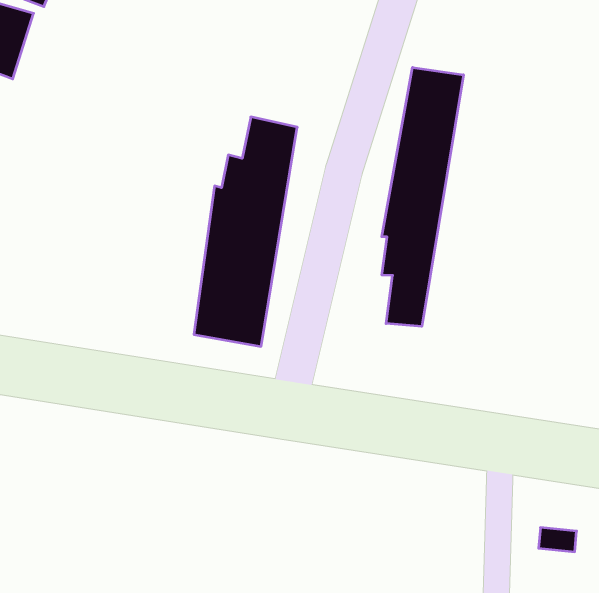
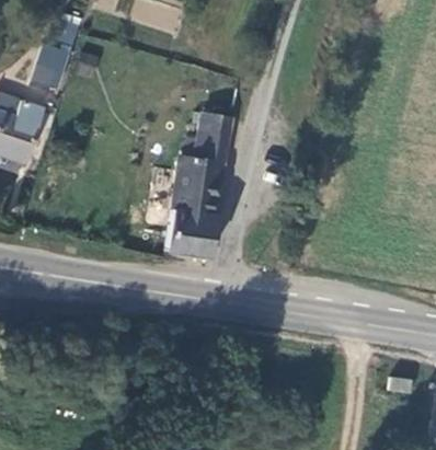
building: [382,67,463,326] -> none

